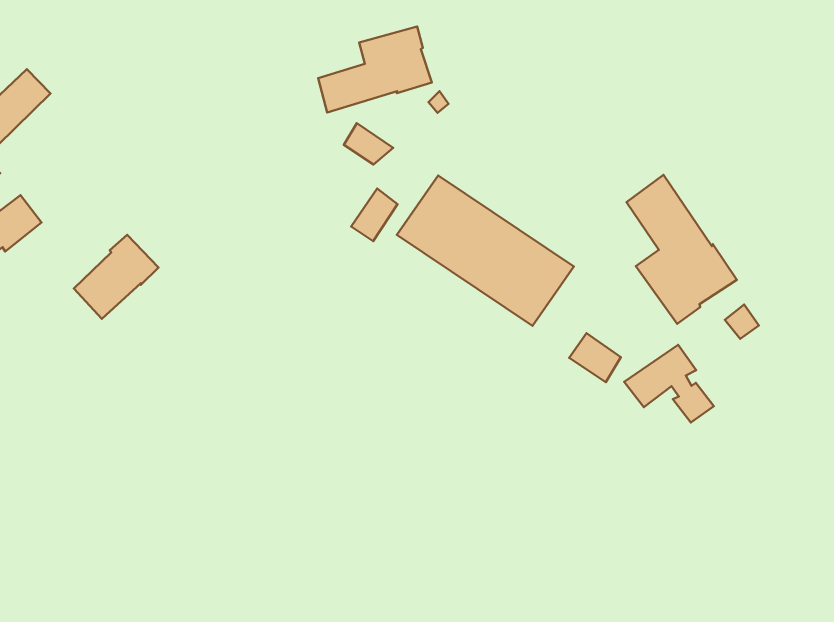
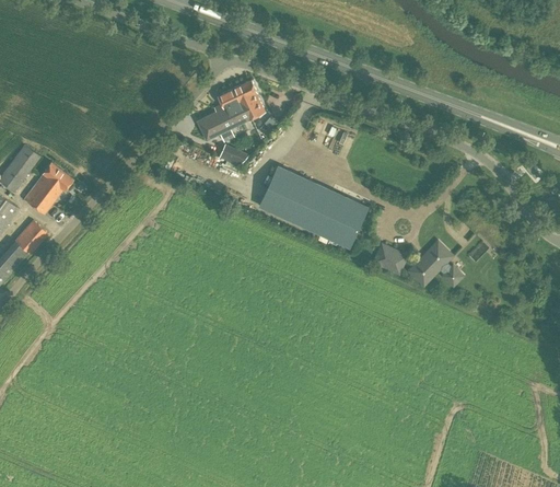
building: [627,175,737,324] -> none
building: [351,189,398,241] -> none
building: [74,235,158,319] -> [23,162,71,214]

